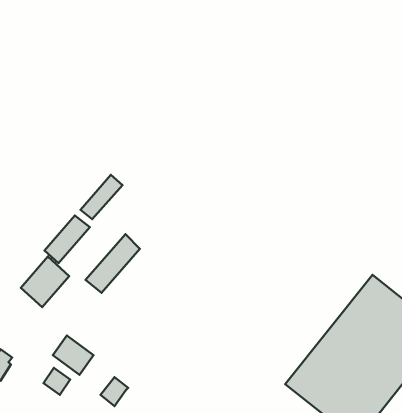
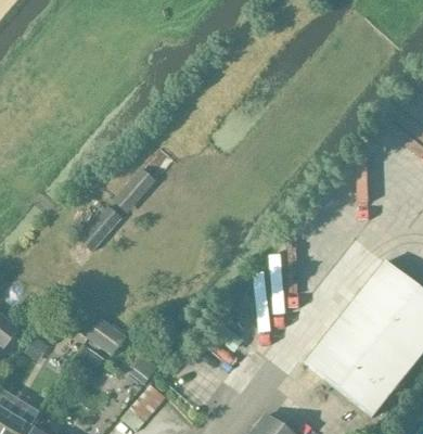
building: [86,234,140,293] -> none
building: [21,257,69,307] -> none

